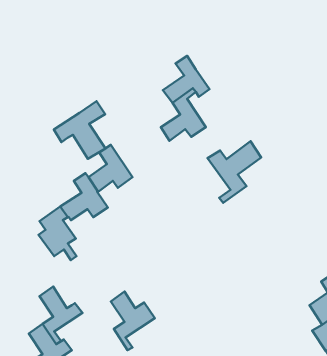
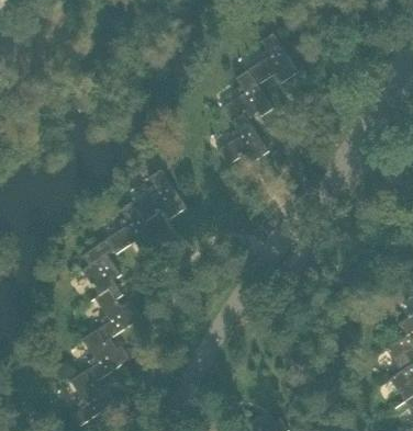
building: none -> [247,32,298,84]
building: [54,101,105,159] -> none
building: [207,141,261,203] -> none
building: [111,292,155,350] -> [93,286,143,352]

